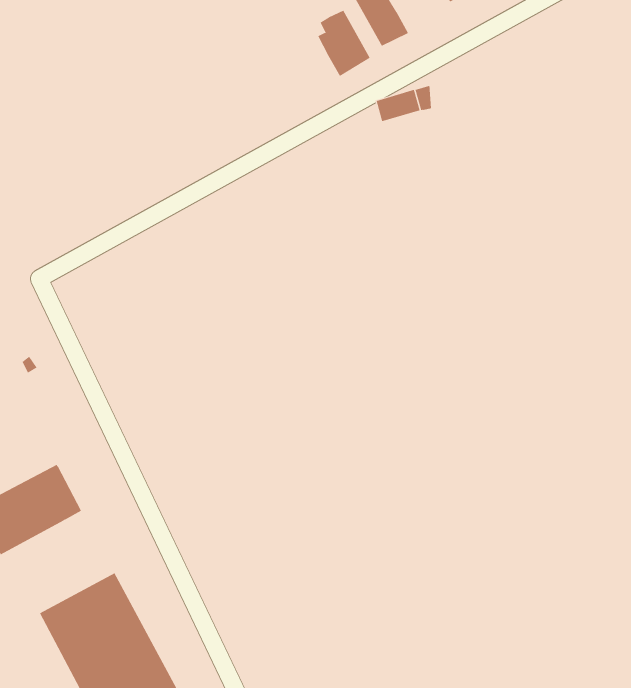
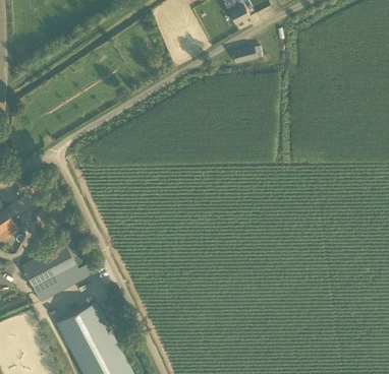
building: [317,10,371,77] -> none

